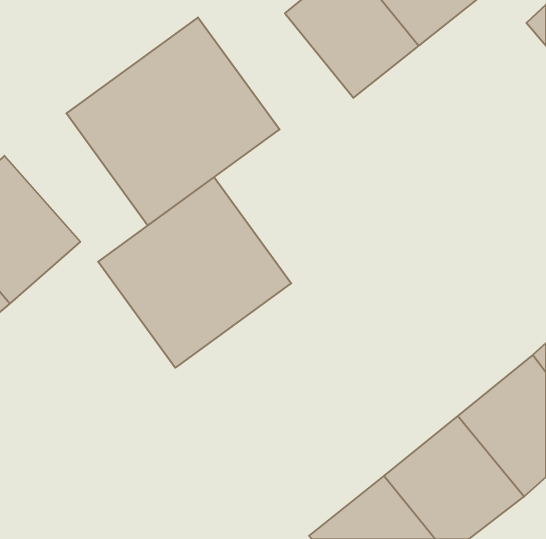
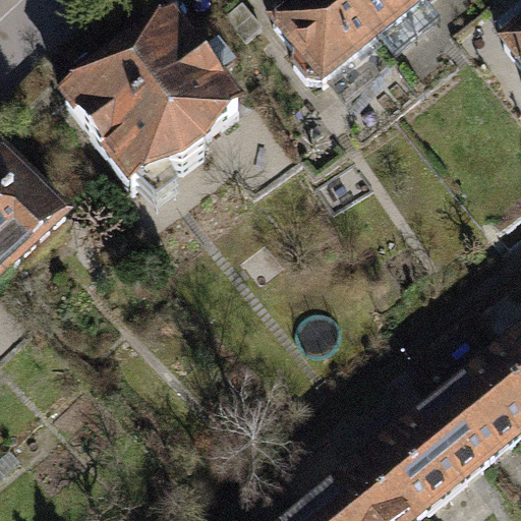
building: [98,177,291,368] -> none

